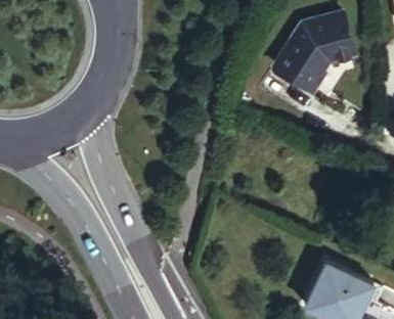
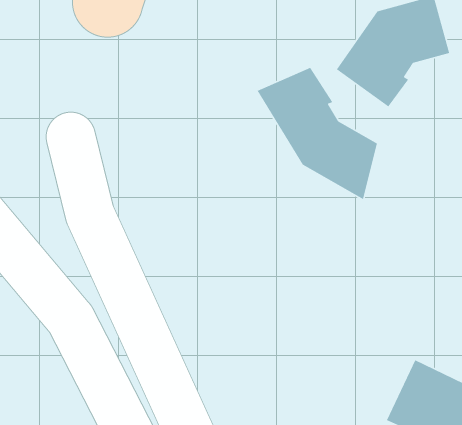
building: none -> [256,67,378,200]

